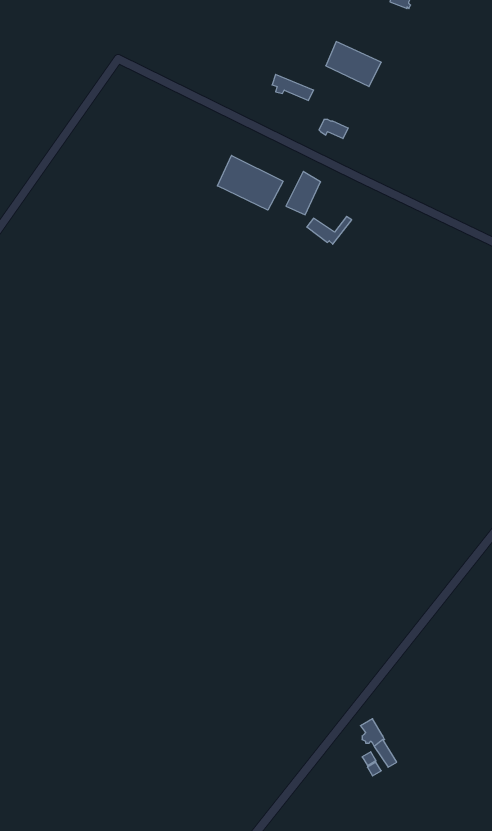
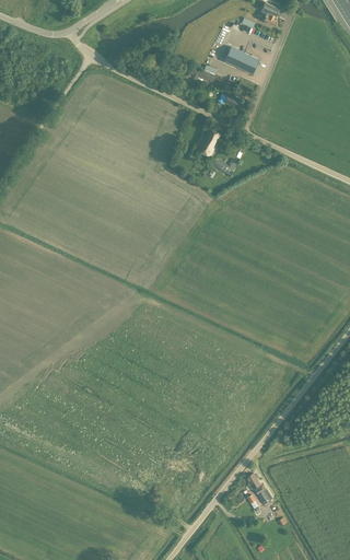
building: [217,155,283,210] -> none

